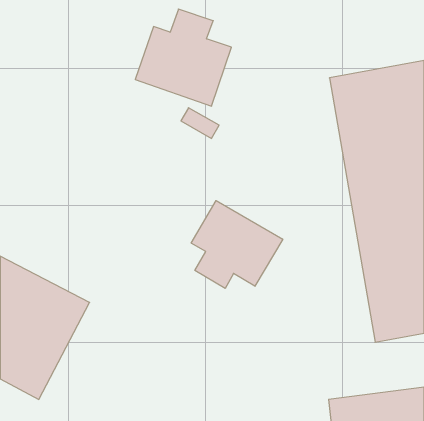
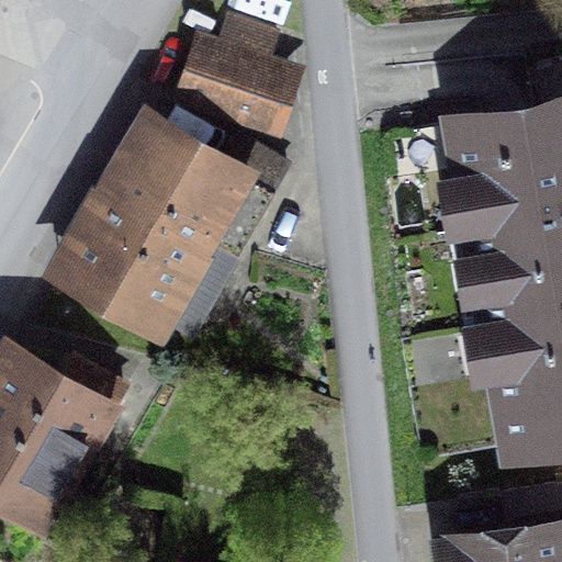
building: none -> [49,112,257,341]
building: [191,201,283,288] -> none

